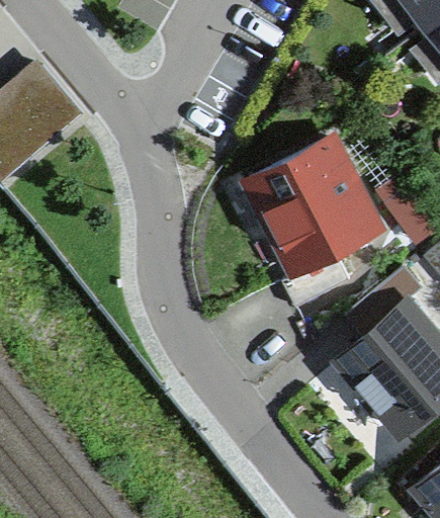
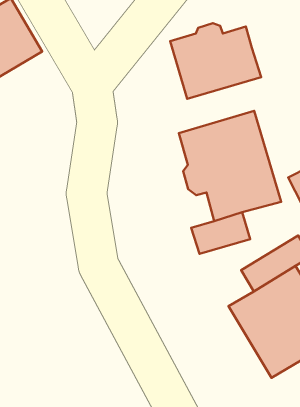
building: none -> [170,23,261,99]

